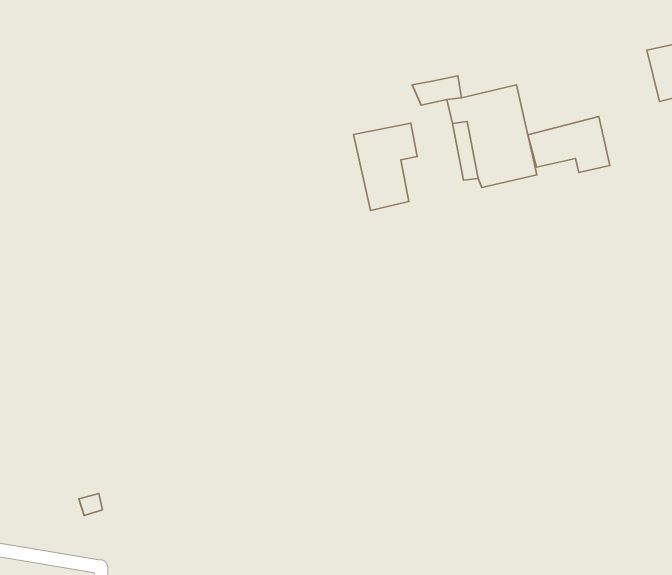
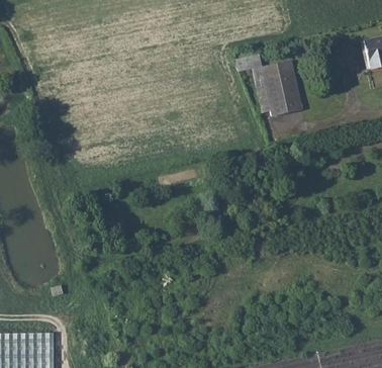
building: [528,117,610,172] -> none
building: [353,123,417,210] -> none

